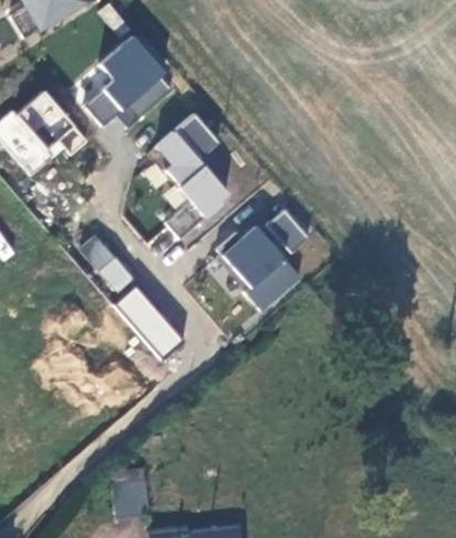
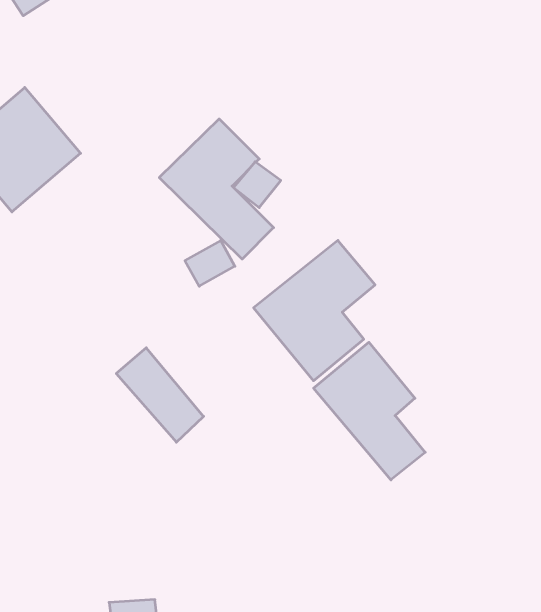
building: [77,35,176,127] -> none
building: [77,232,132,294] -> none
building: none -> [314,342,425,480]

